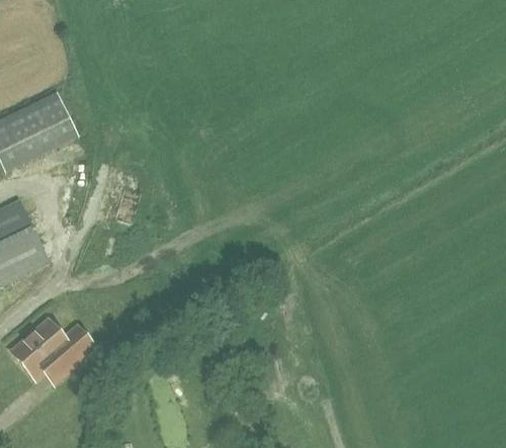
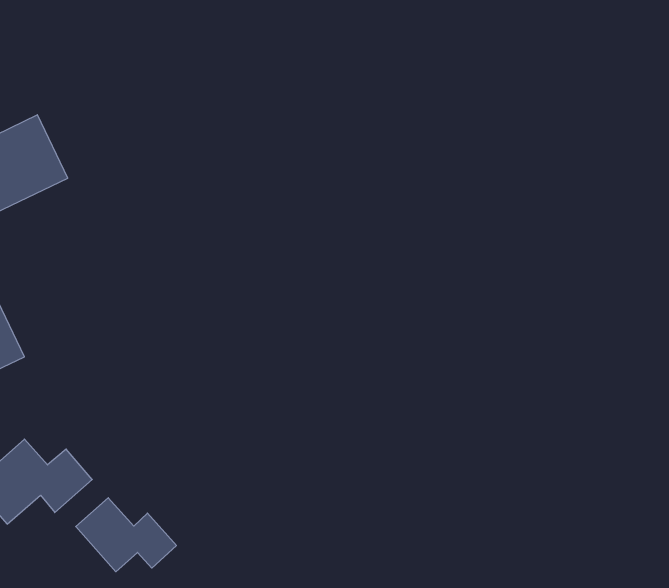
building: none -> [76,498,176,572]

